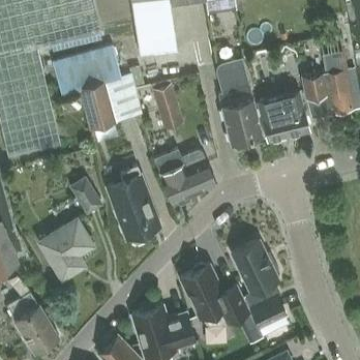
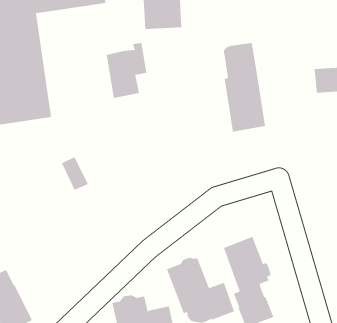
building: [52,46,121,129] -> none
building: [152,84,183,129] -> none
building: [258,93,309,143] -> none
building: [153,150,215,205] -> none
building: [107,167,159,244] -> none
building: [39,219,93,279] -> none

